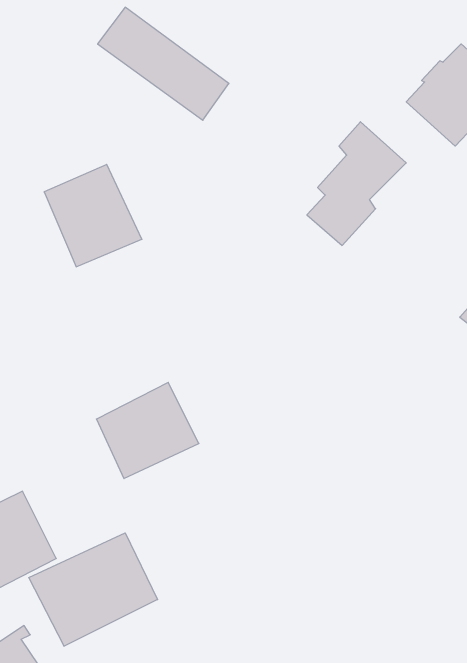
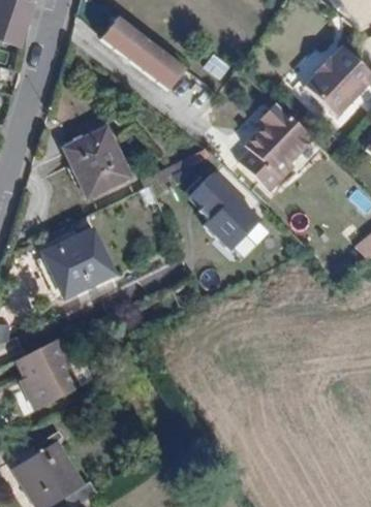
building: none -> [192,175,265,255]
building: [96,382,199,479] -> [41,230,111,295]
building: [29,533,158,646] -> none

